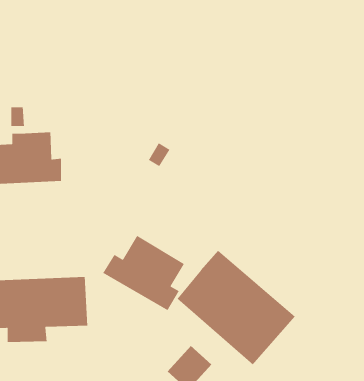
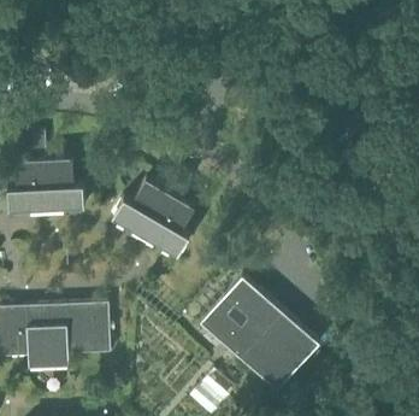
building: [102,235,184,311] -> [111,180,194,257]

